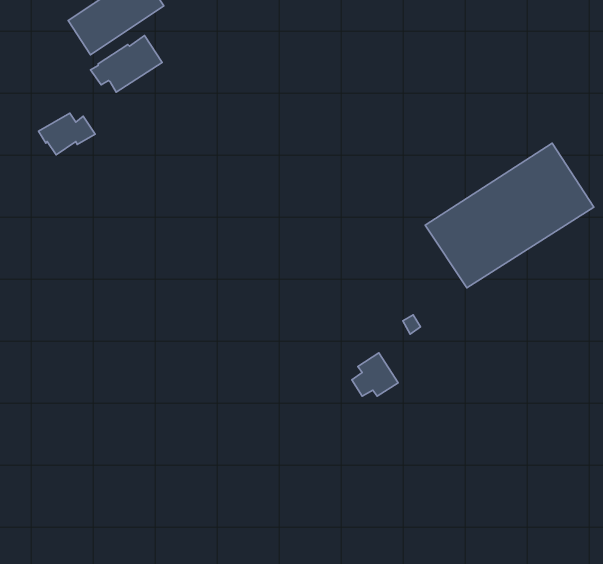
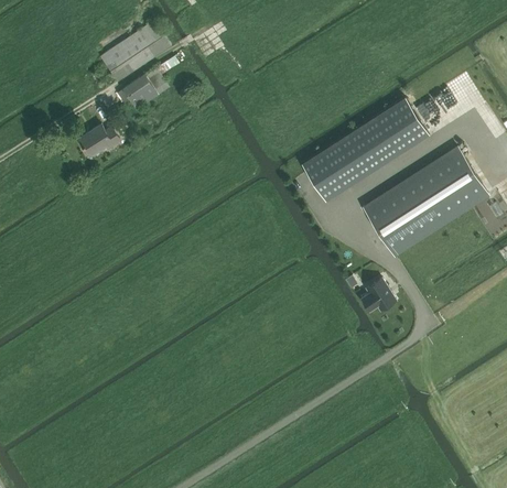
building: none -> [301,97,428,200]
building: [352,353,398,396] -> [360,278,395,310]

